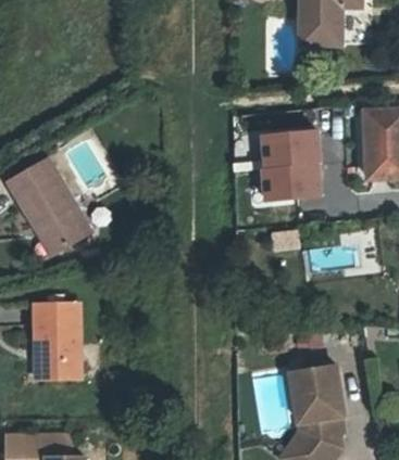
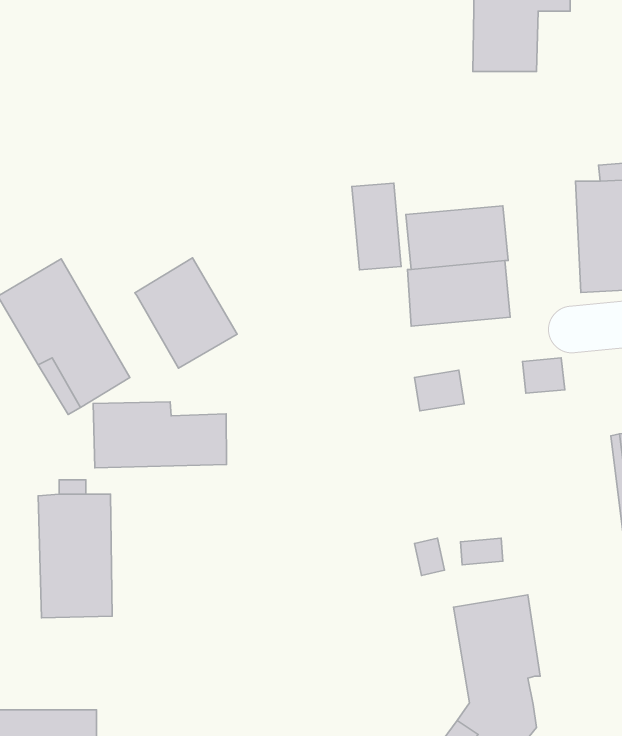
building: none -> [352,183,401,270]
building: none -> [135,258,237,368]
building: none -> [93,402,226,468]

